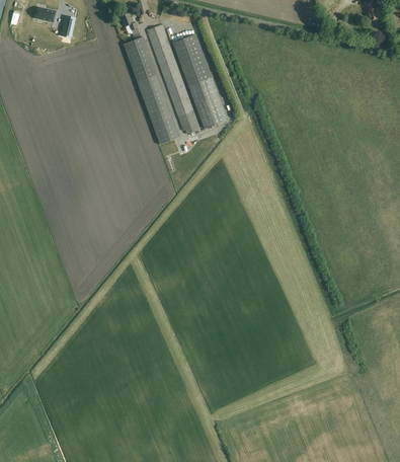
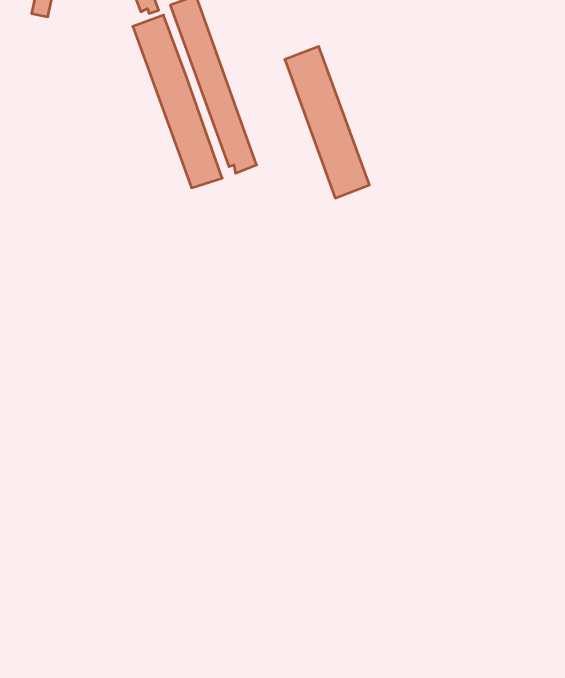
building: [172,32,225,127] -> [285,47,369,198]

